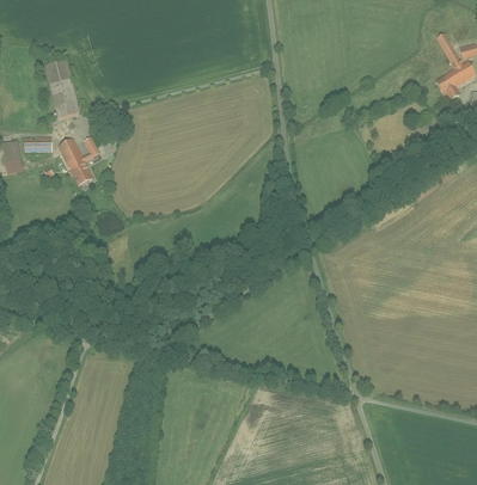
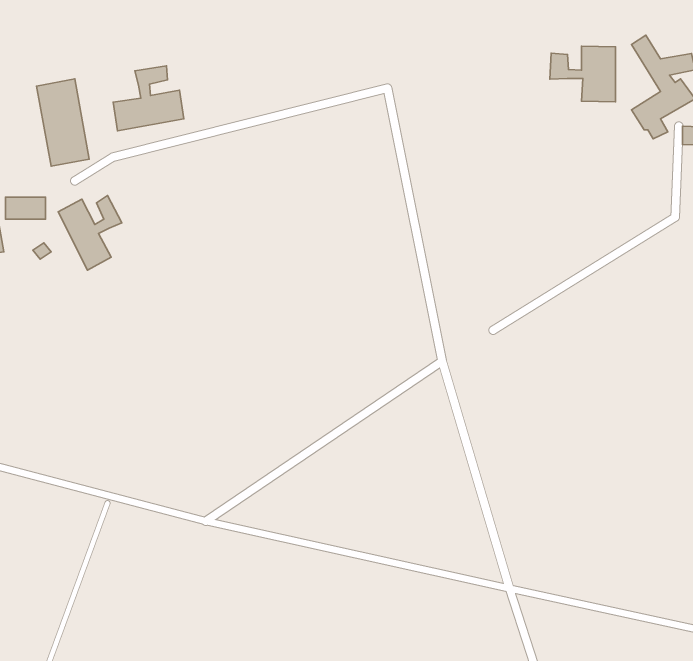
building: none -> [550,46,615,102]
building: none -> [113,66,184,131]

